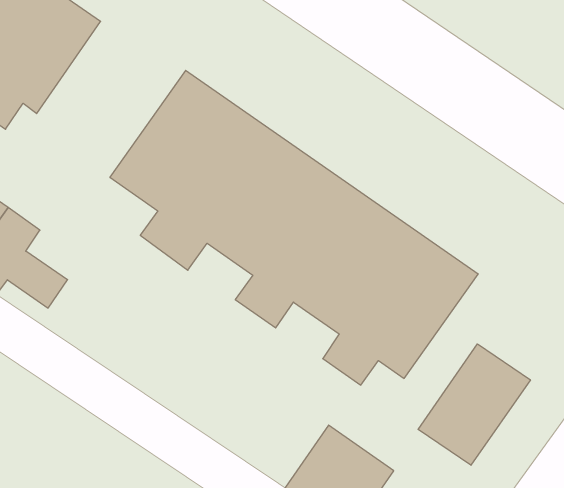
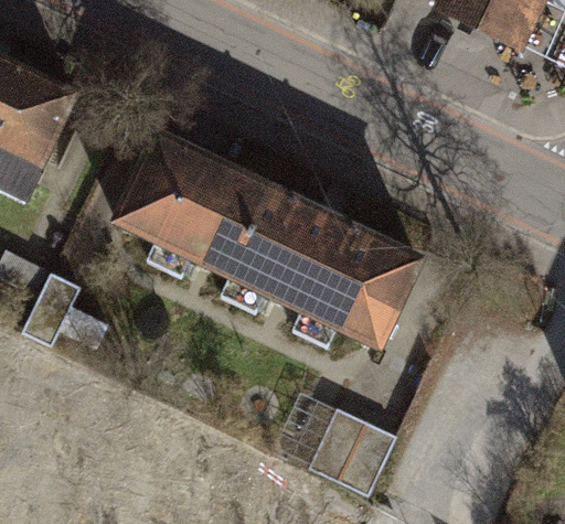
building: [418,344,530,465] -> none

